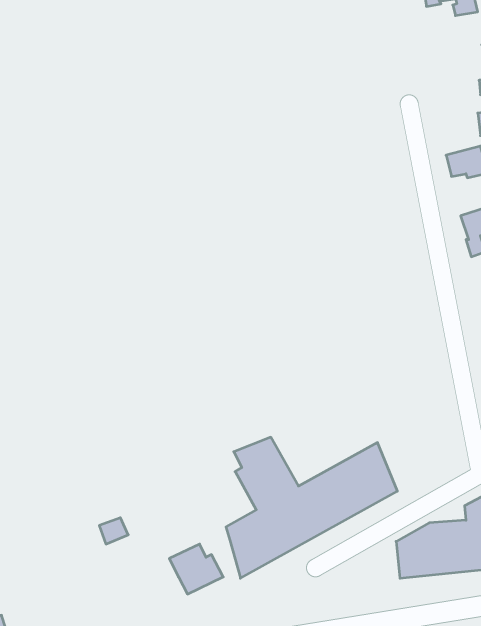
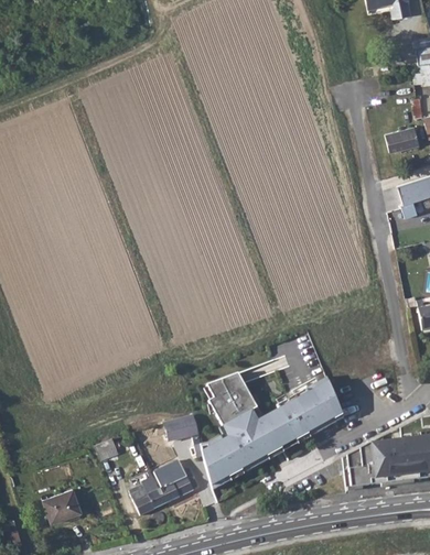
building: none -> [165,415,205,458]
building: none -> [129,470,170,515]
building: none -> [44,488,83,522]

